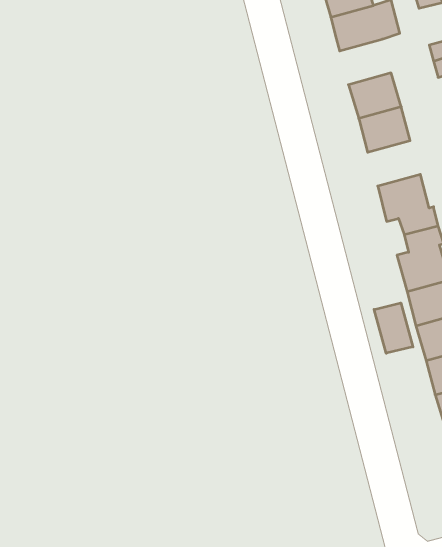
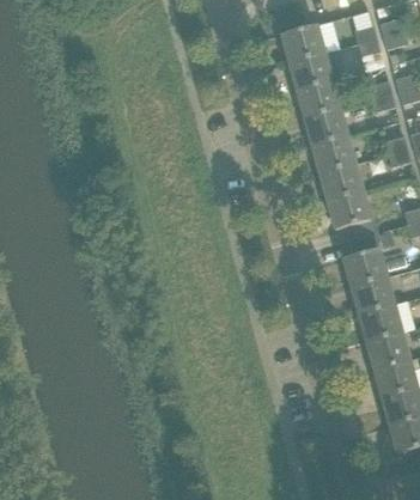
building: none -> [297,80,339,117]
building: none -> [319,163,363,200]
building: [374,303,413,353] -> none

